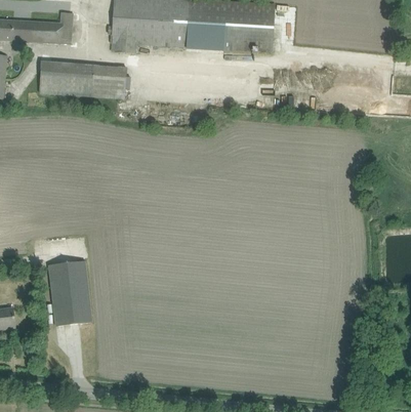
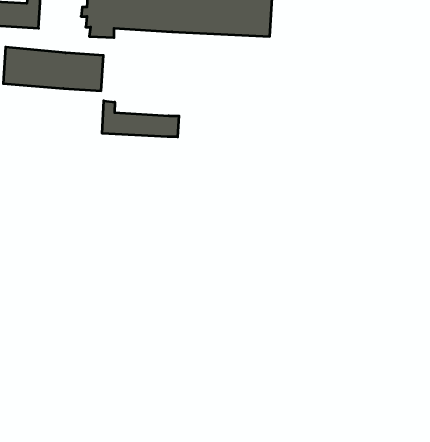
building: none -> [102,101,179,137]
building: [48,260,91,326] -> none

